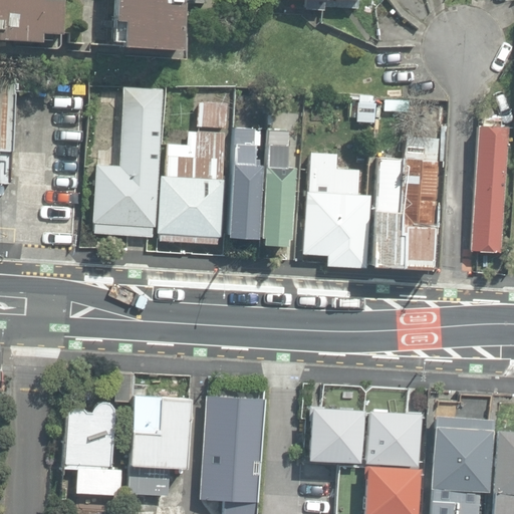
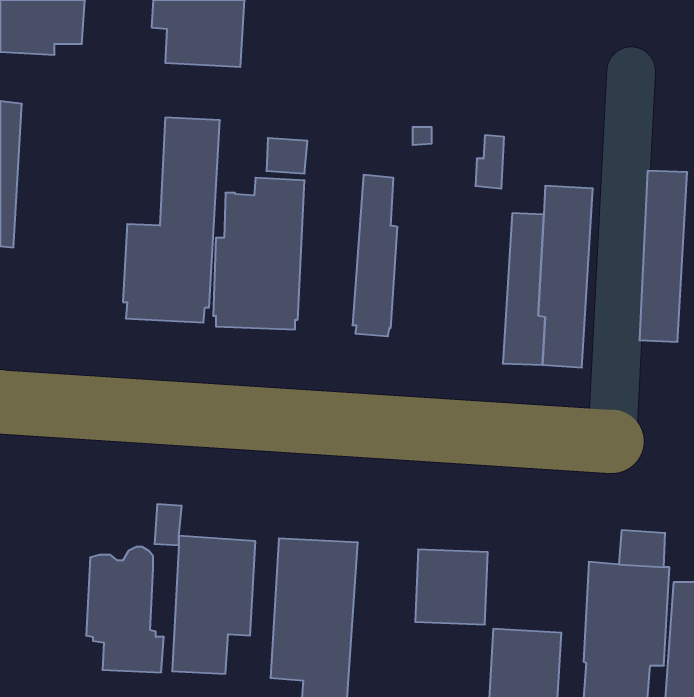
building: [229,127,264,239] -> none
building: [303,153,374,267] -> none
building: [364,409,419,464] -> none

